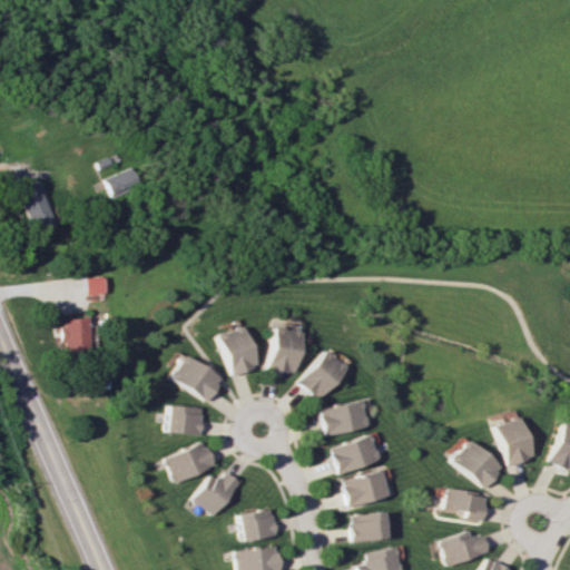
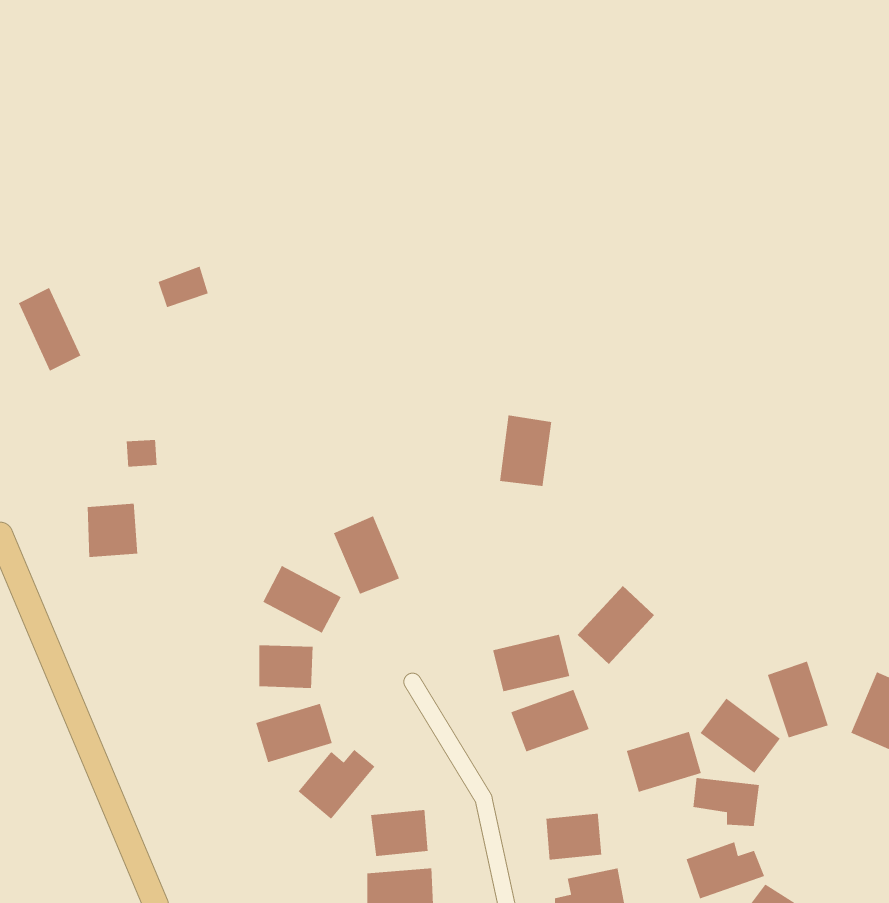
building: [269,327,303,373] -> [499,414,552,487]
building: [298,350,347,400] -> [577,585,655,665]
building: [343,469,391,508] -> [626,731,702,793]

